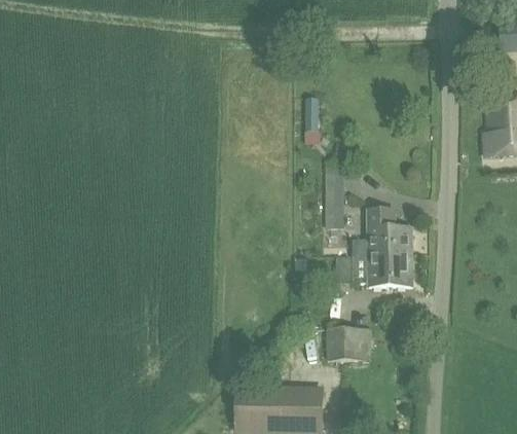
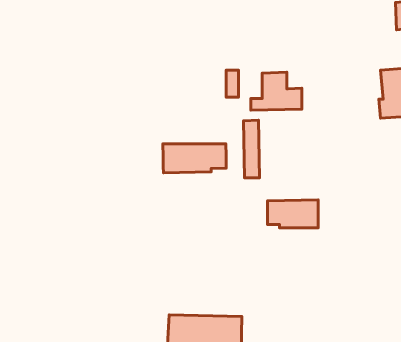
building: none -> [163,144,226,173]
building: [353,208,412,252] -> [251,72,302,110]
building: [327,326,365,360] -> none

